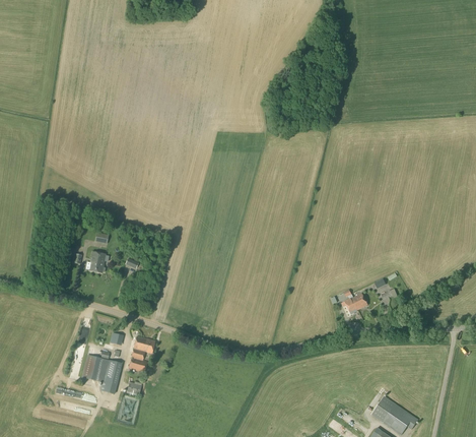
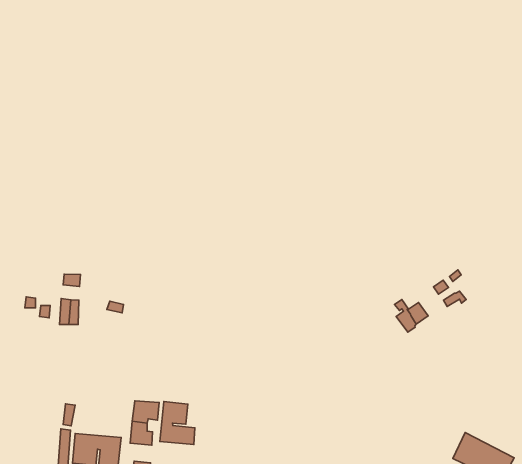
building: none -> [160,401,195,445]

